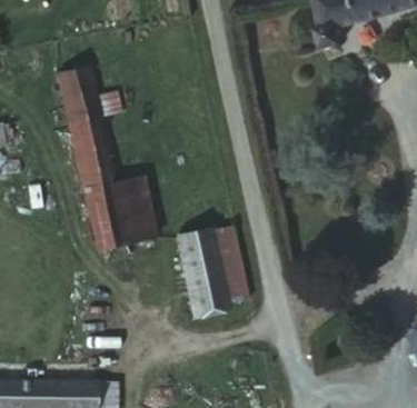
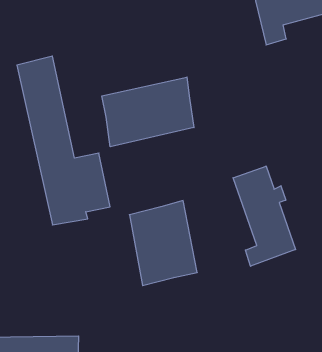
building: none -> [102,77,194,147]
building: none -> [233,166,296,266]

